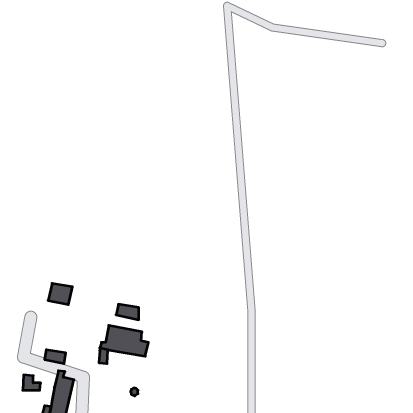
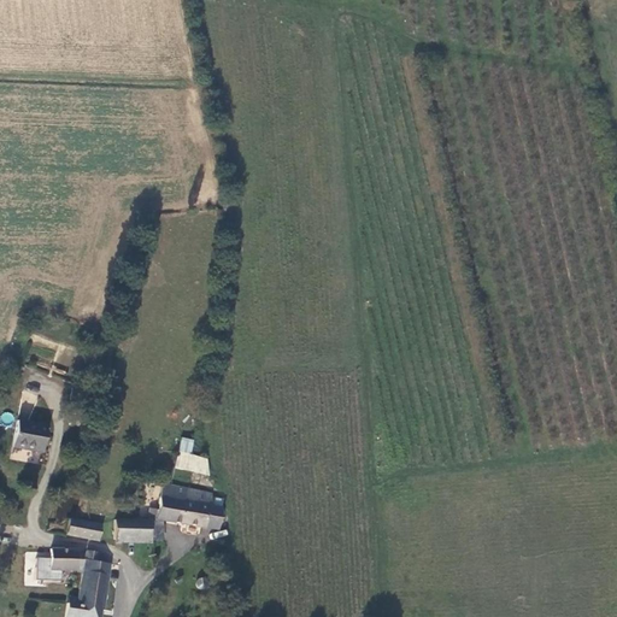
building: [48,283,72,305] -> [12,423,48,454]
building: none -> [116,523,151,541]
building: none -> [52,552,82,572]

